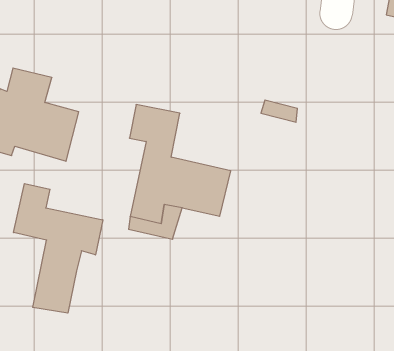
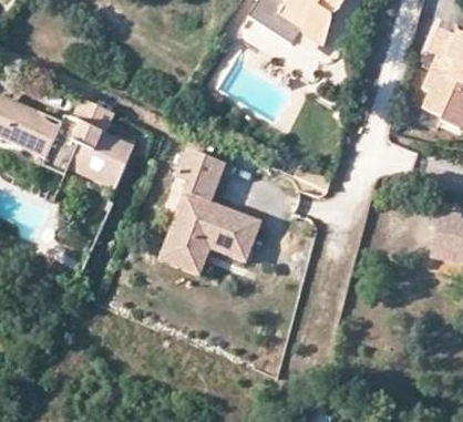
building: [14,184,103,313] -> none

